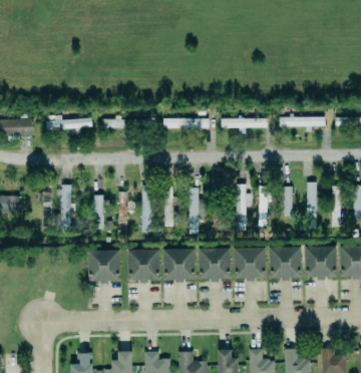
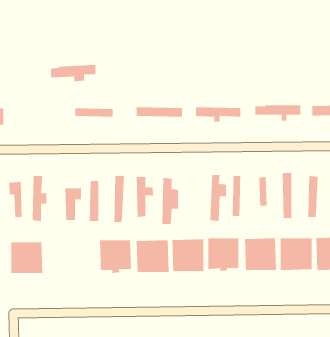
building: [47,117,92,134] -> [50,65,96,82]
building: [89,251,121,282] -> [11,242,43,273]

